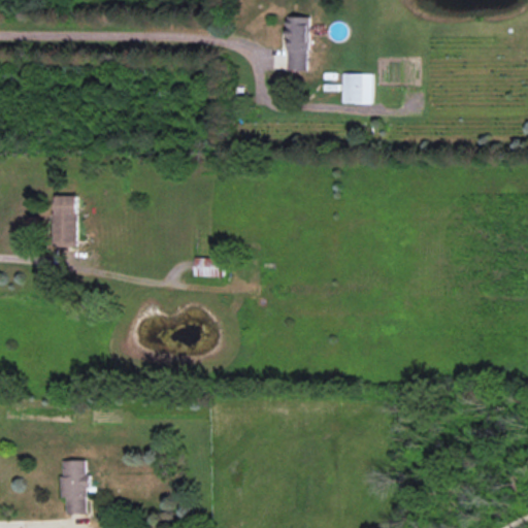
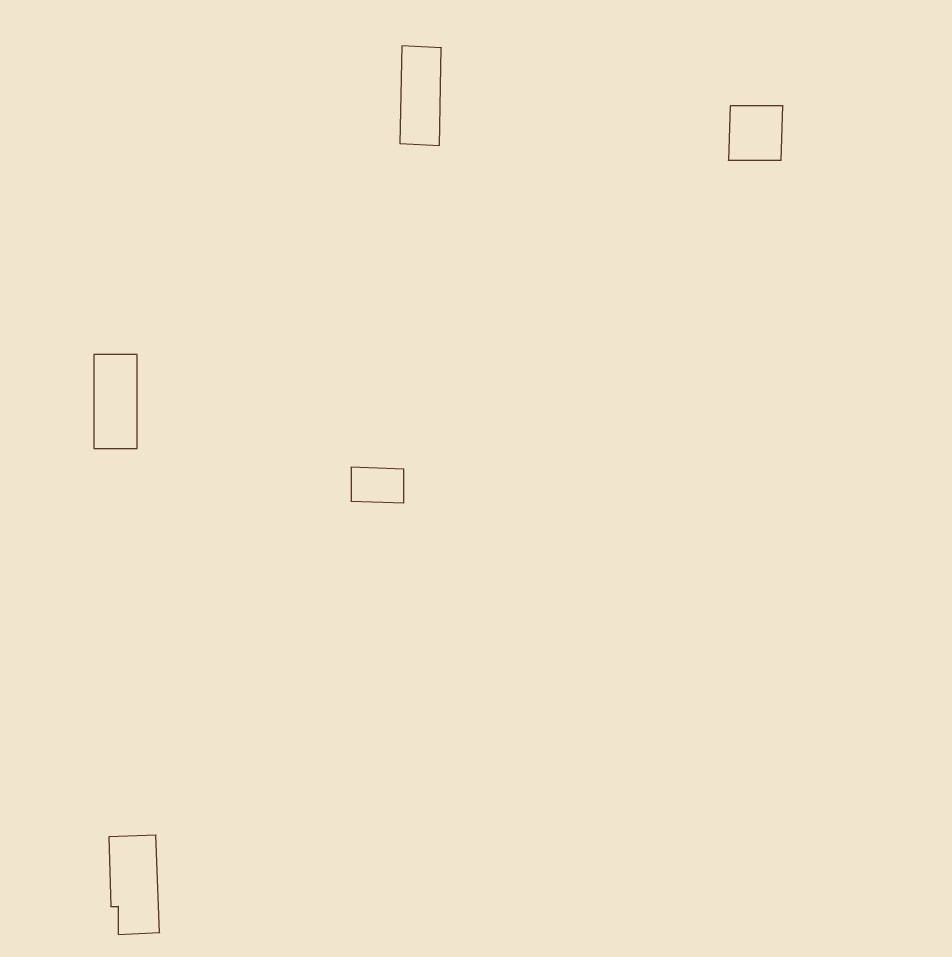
building: [285,16,307,71] -> [400,46,441,145]
building: [340,74,370,104] -> [728,106,783,160]

